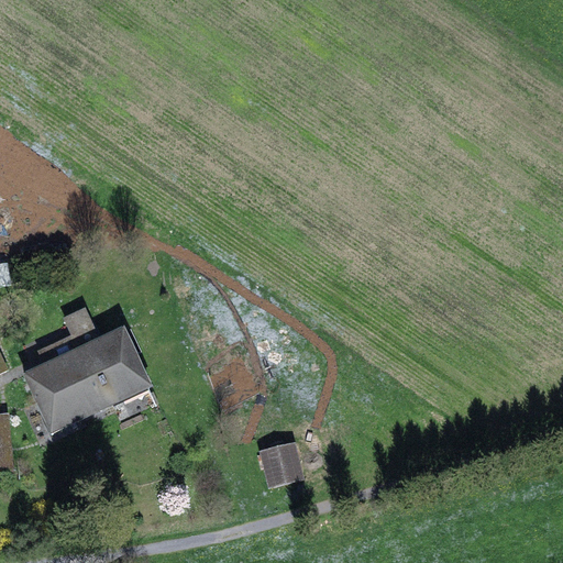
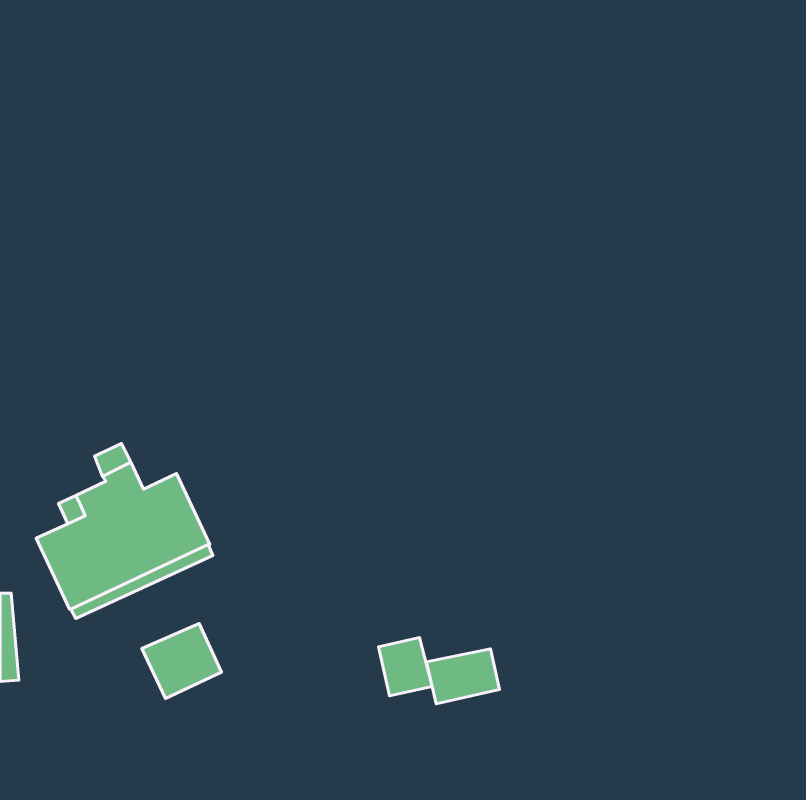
building: none -> [142,624,222,699]
building: none -> [427,649,499,704]

